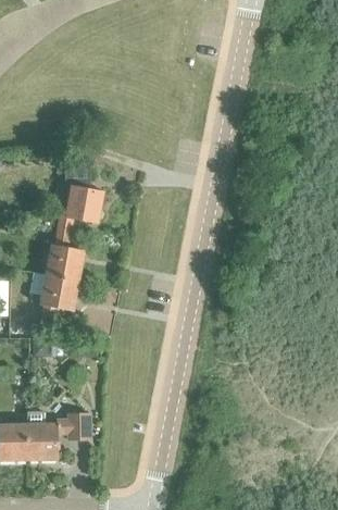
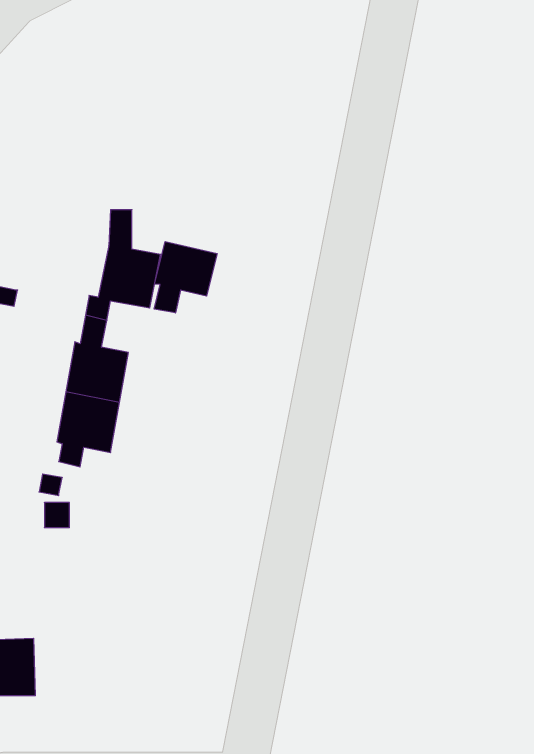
building: none -> [154,242,217,313]
building: [26,413,90,459] -> none

